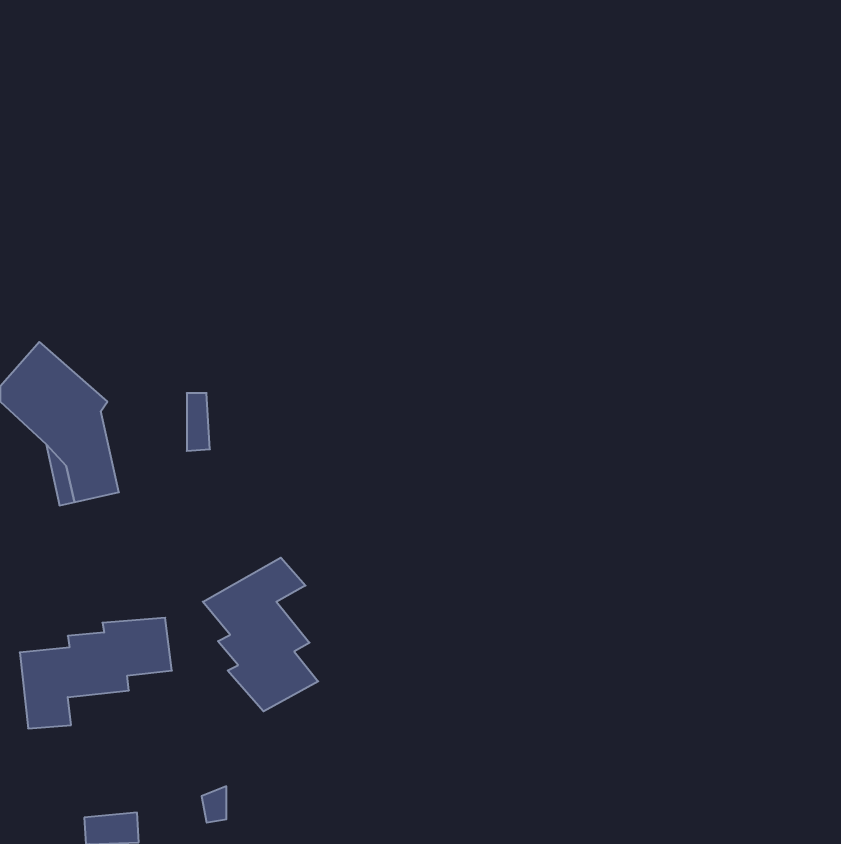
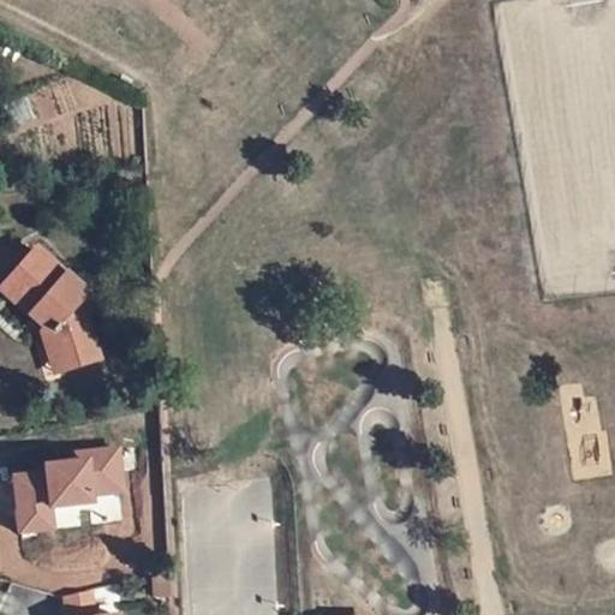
building: [203,558,318,711] -> none

